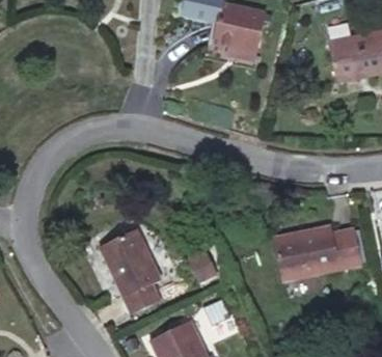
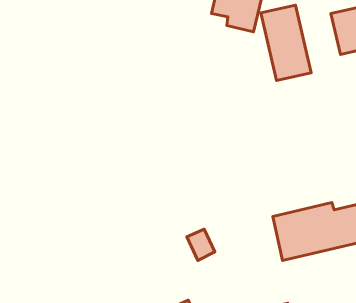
building: none -> [261,5,311,81]
building: [99,228,160,313] -> none

